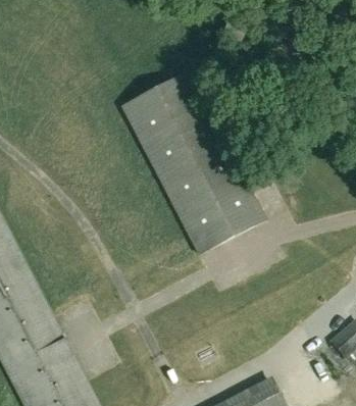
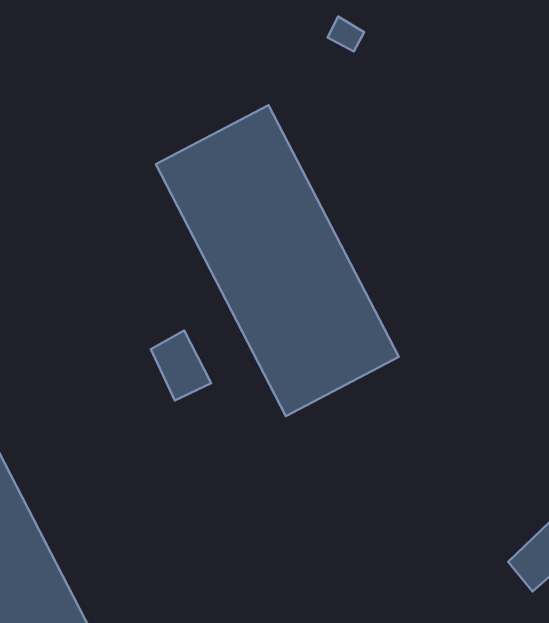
building: none -> [151,330,211,401]

